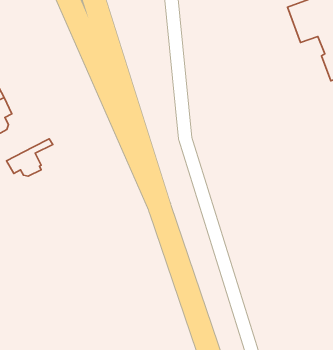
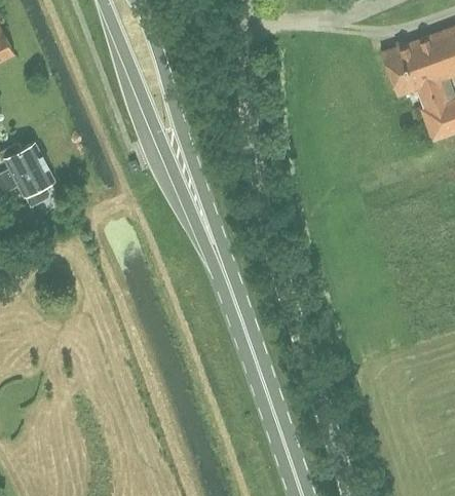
building: [7,139,53,176] -> none

